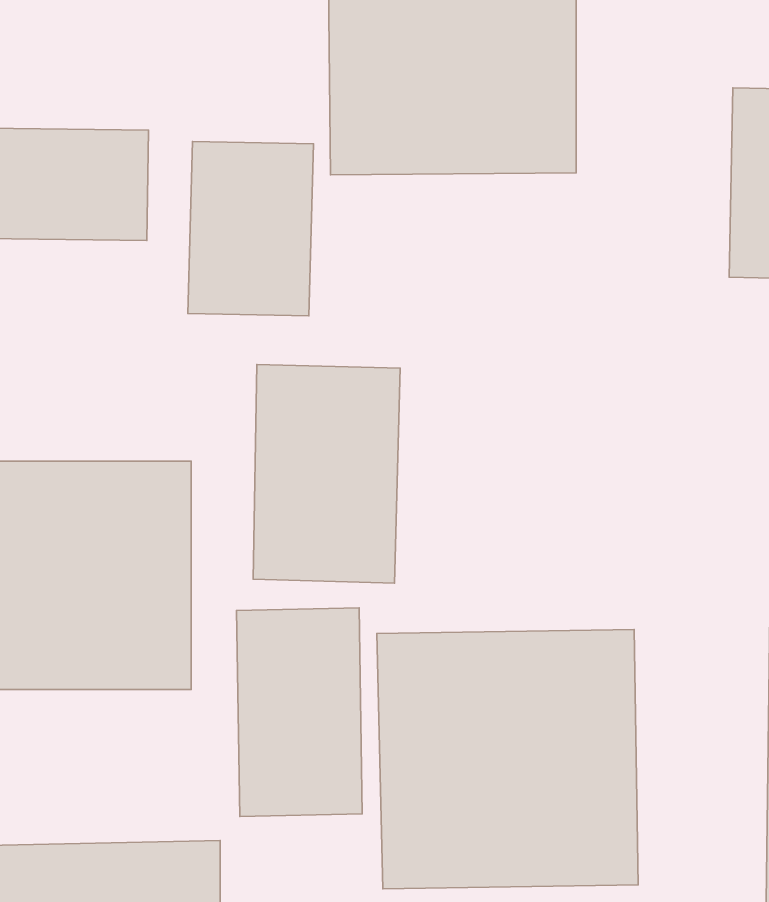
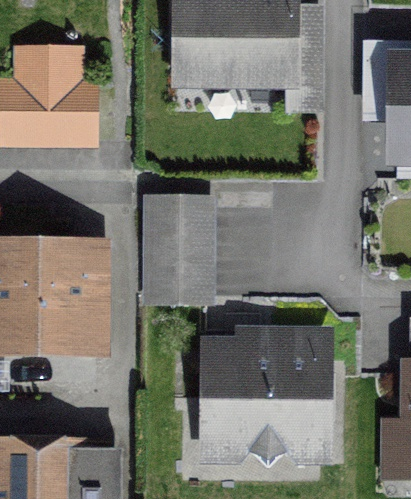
building: [188,141,313,316] -> none
building: [237,608,362,816] -> none

